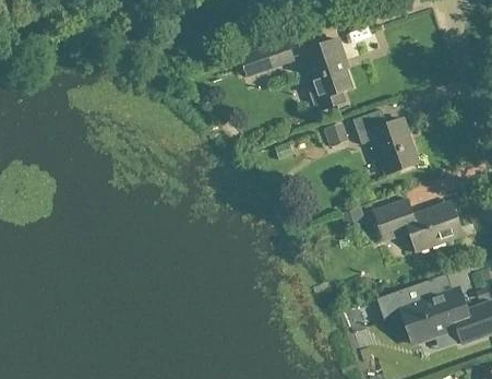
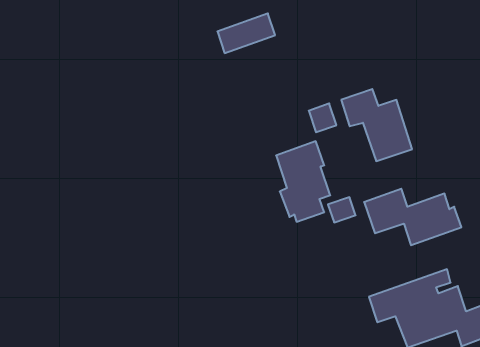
building: [302,38,351,111] -> [276,141,330,222]

